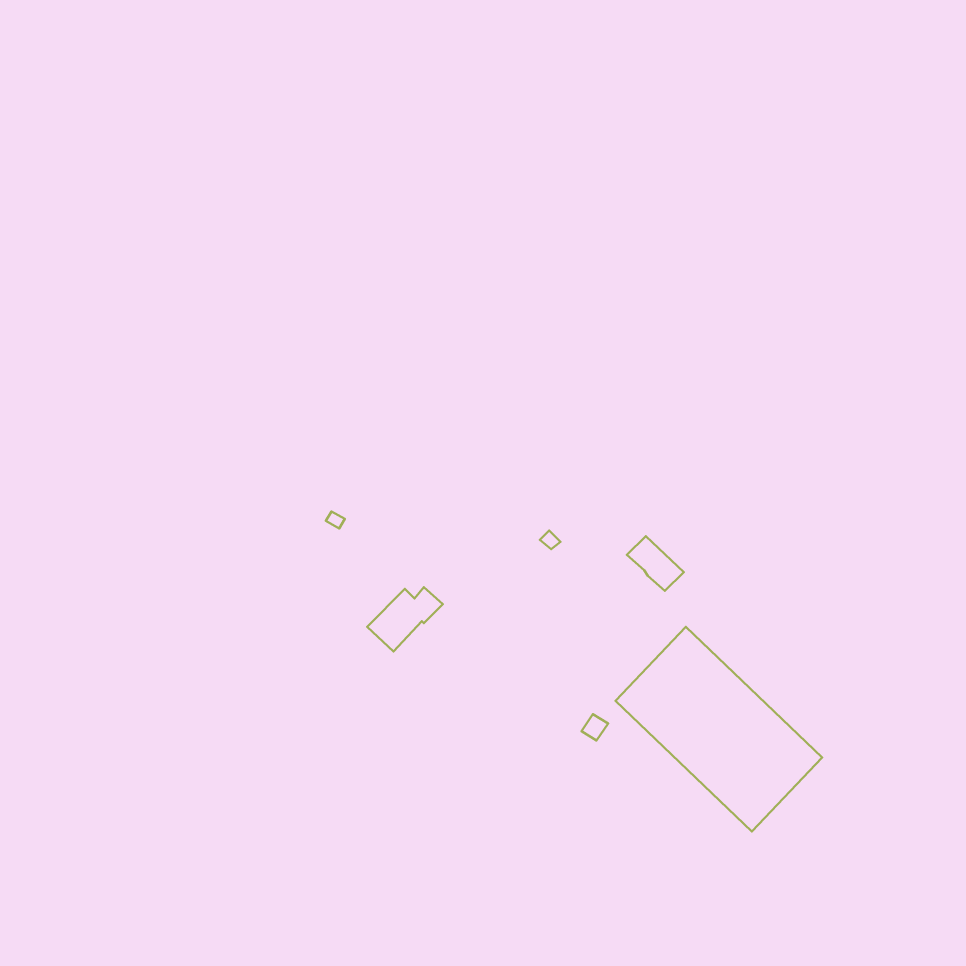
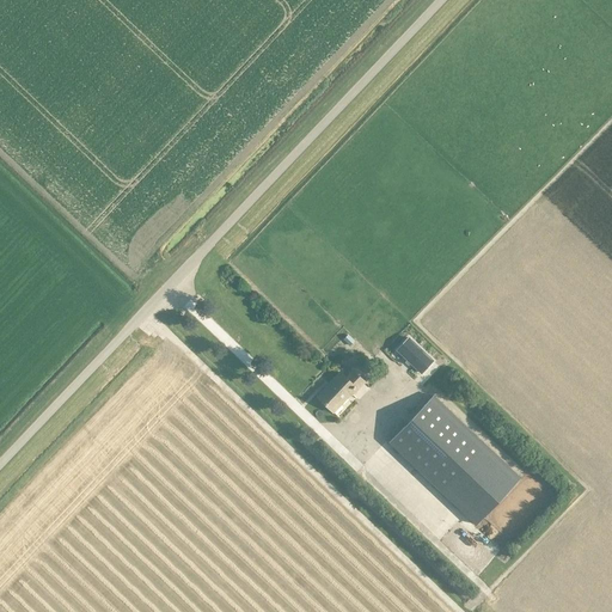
building: [367,587,443,652] -> [316,373,363,414]

